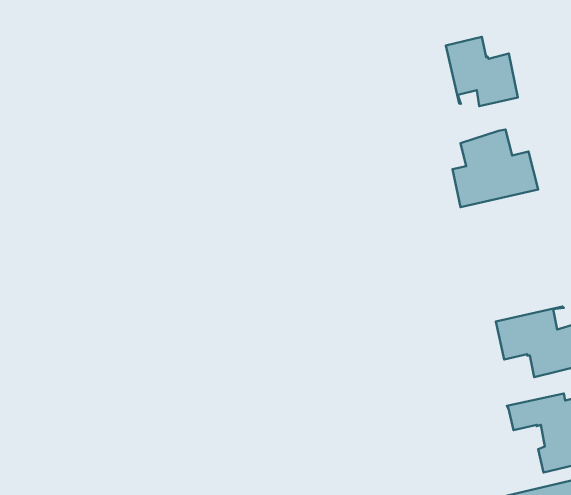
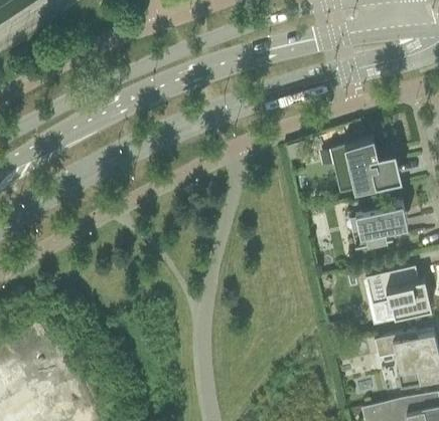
building: [446,37,518,106] -> none
building: none -> [349,203,406,250]

